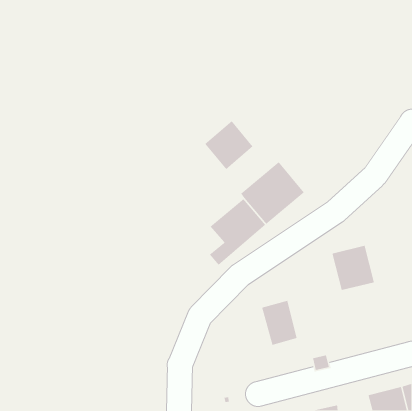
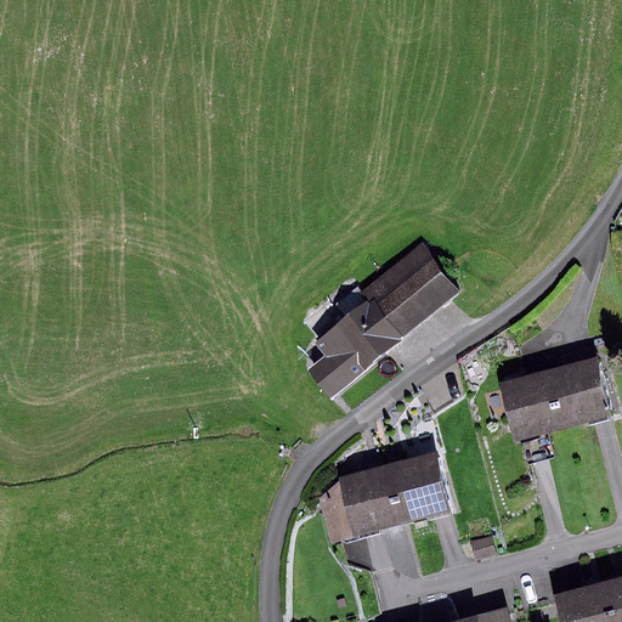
building: [204,120,254,170] -> none
building: none -> [550,358,610,426]
building: none -> [321,463,409,541]

